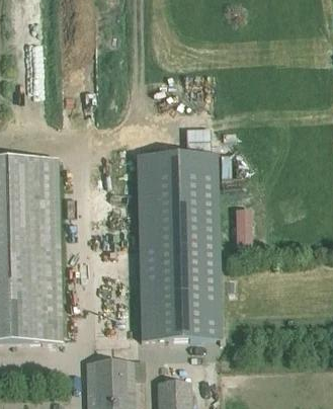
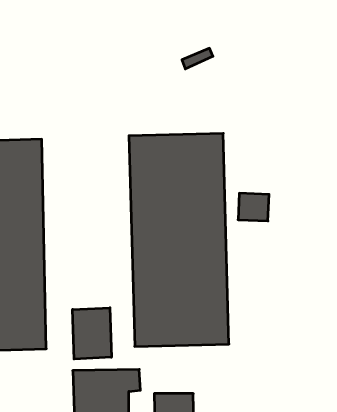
building: none -> [73,308,111,359]

